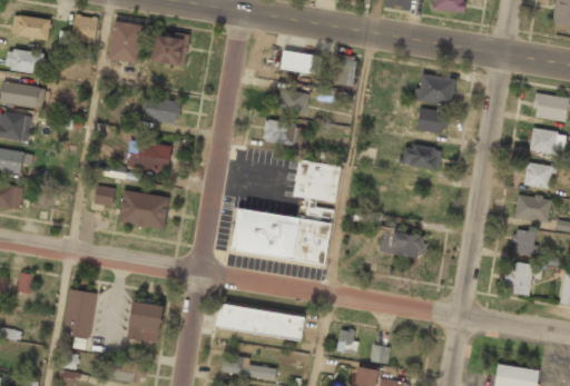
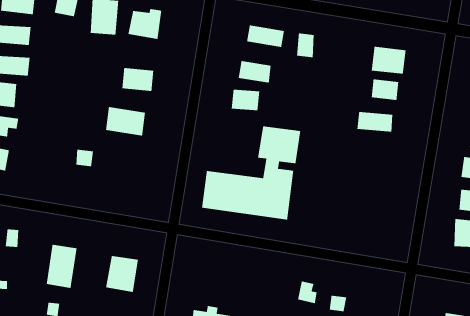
building: [118,189,170,229] -> none
building: [381,230,426,257] -> none
building: [218,305,305,339] -> none

